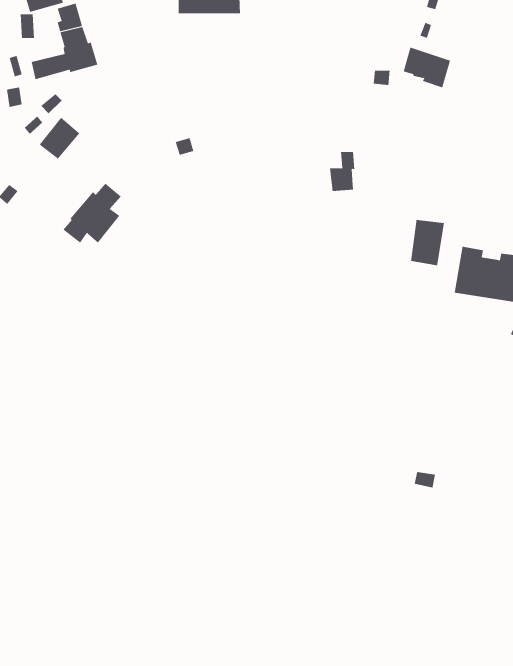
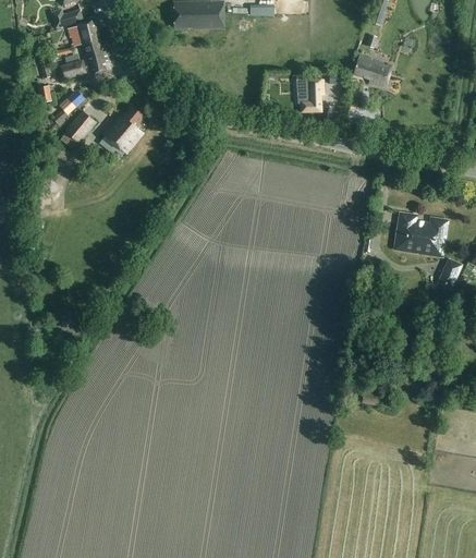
building: [329,151,355,191] -> [300,80,320,111]
building: [63,183,122,243] -> [99,105,146,153]
building: [411,219,444,266] -> none

